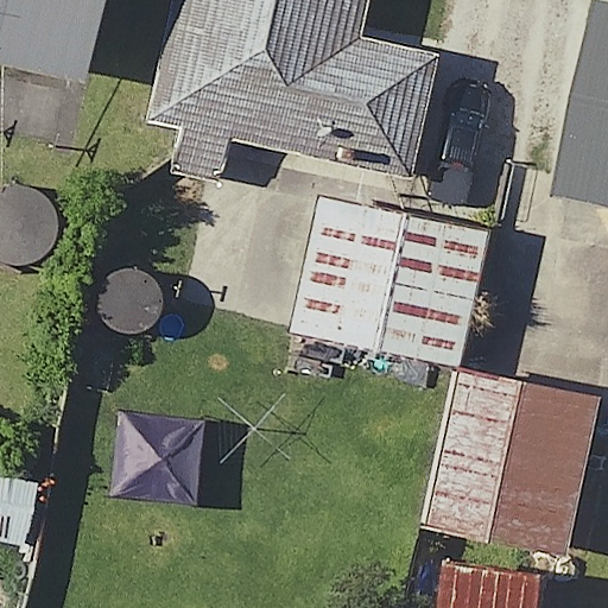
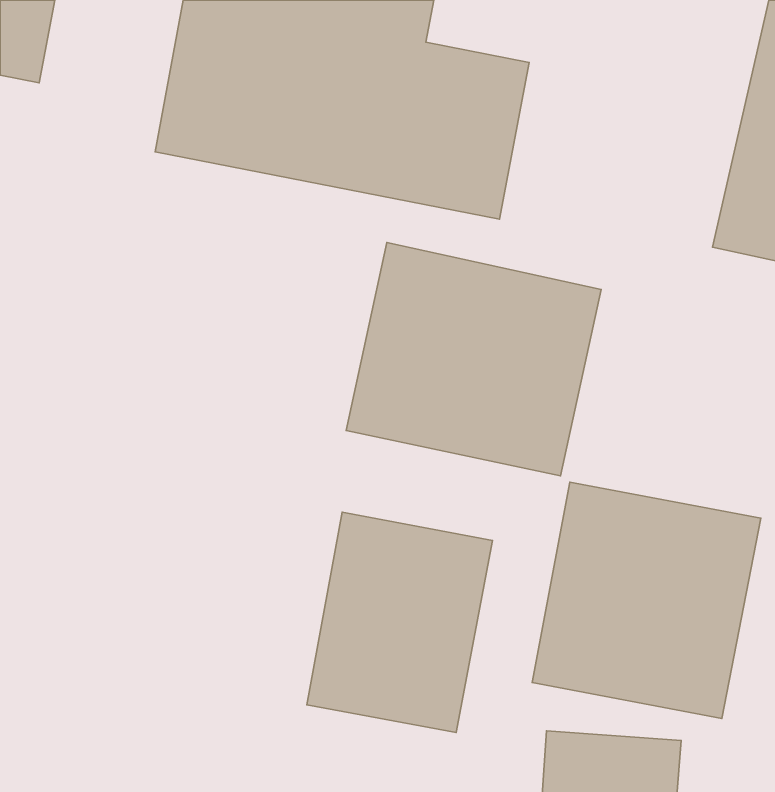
building: none -> [307,512,492,733]

